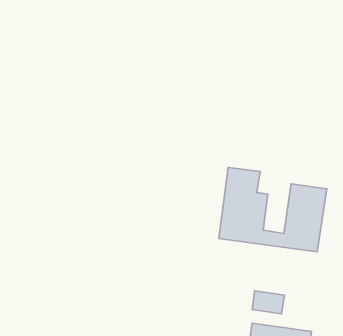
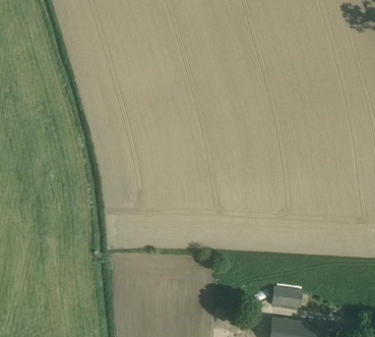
building: [219,168,327,252] -> none

